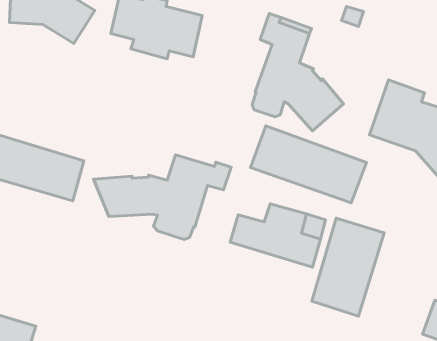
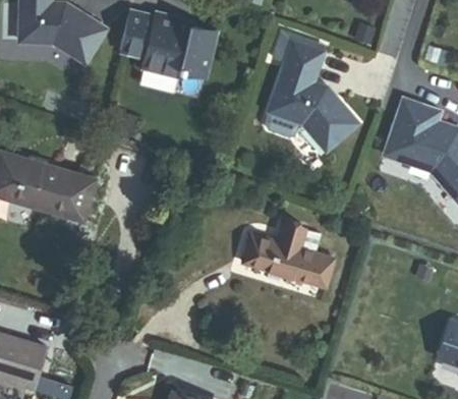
building: [251,126,366,203] -> none
building: [94,155,231,239] -> none
building: [312,218,384,316] -> none

